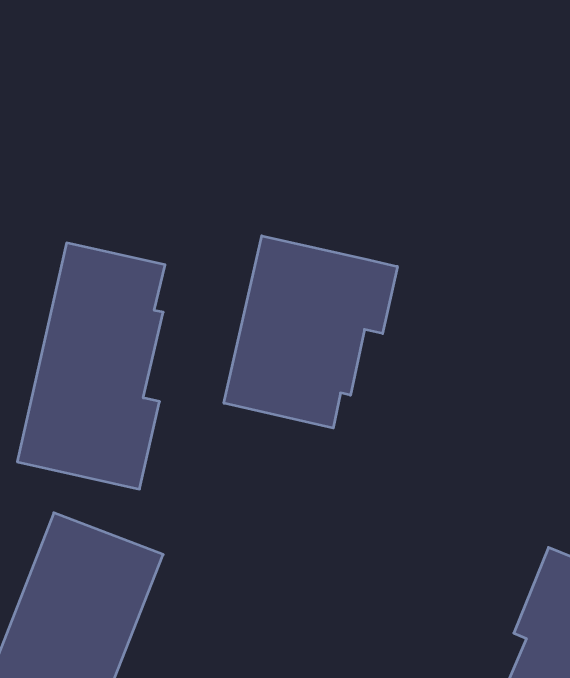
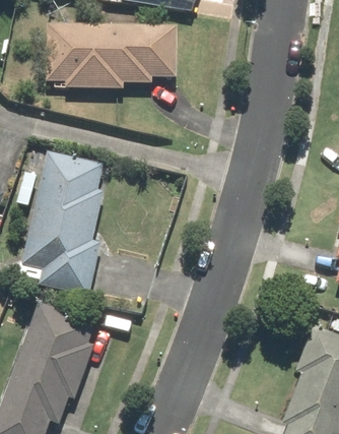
building: none -> [47,24,177,88]
building: [224,236,397,428] -> none

